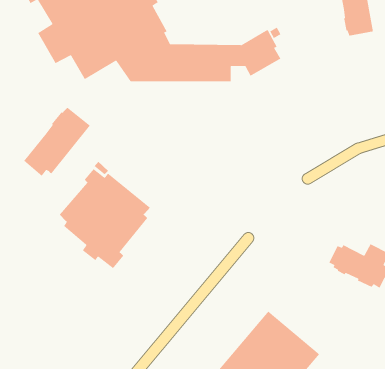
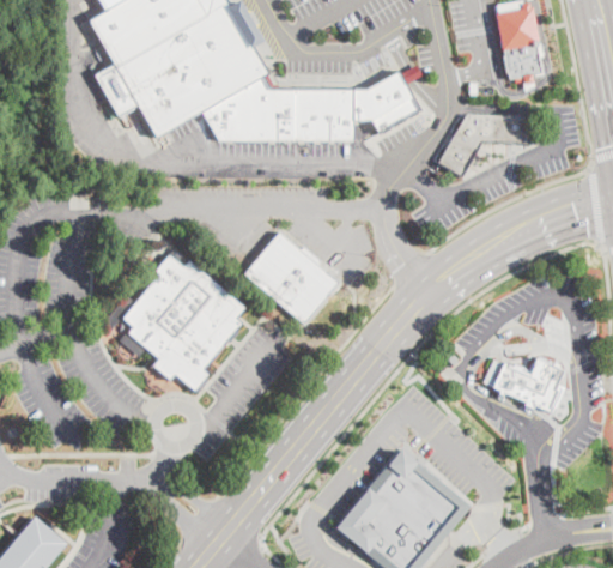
building: none -> [439,115,535,176]
building: [23,107,91,177] -> none
building: none -> [242,231,336,324]

